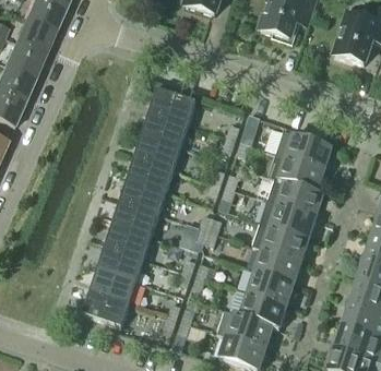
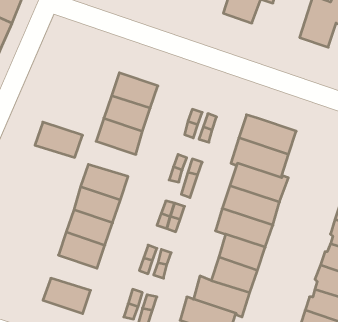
building: [127,156,174,191] -> [35,122,83,157]
building: [90,268,135,303] -> none

